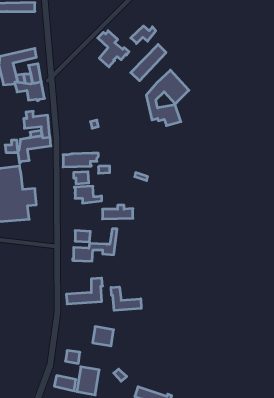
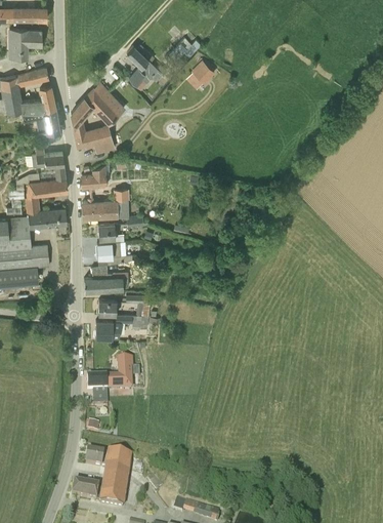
building: none -> [8,30,41,57]
building: [146,70,189,126] -> [71,82,125,153]
building: none -> [81,164,110,192]
building: none -> [27,209,67,228]
building: [102,205,133,219] -> [84,274,123,291]
building: [111,287,141,310] -> none
building: [93,327,114,346] -> [104,452,131,477]

